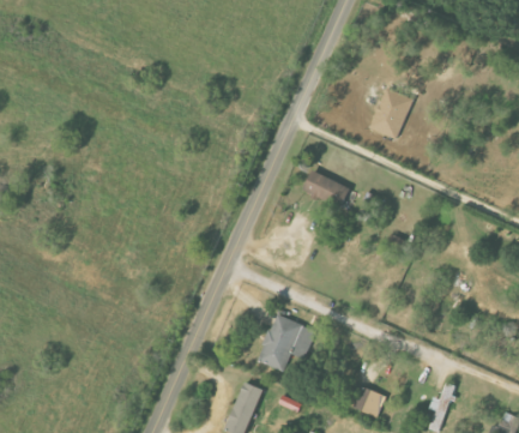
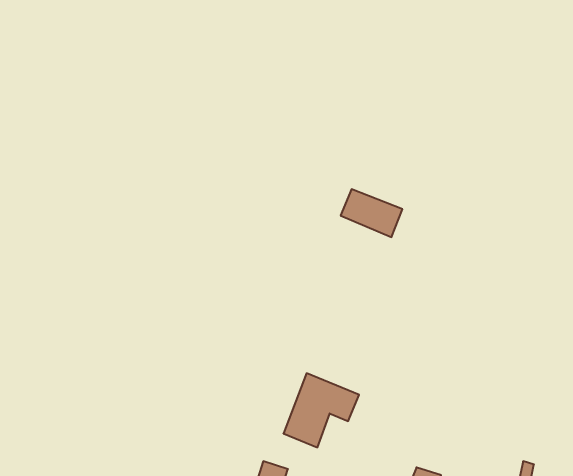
building: [369,88,412,139] -> none

